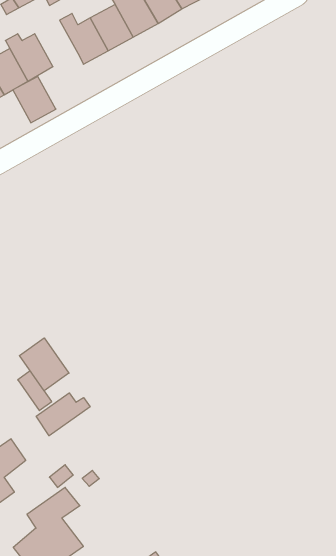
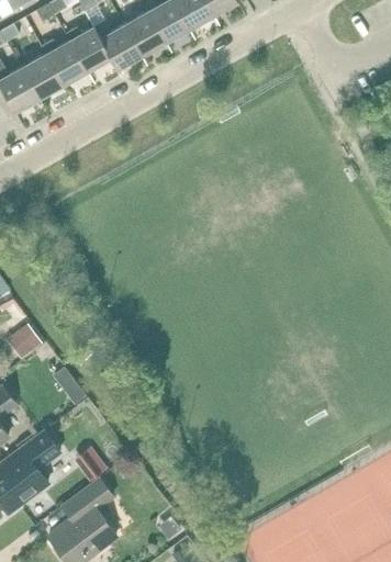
building: [13,76,56,123] -> [69,26,111,71]
building: [19,338,69,391] -> none
building: [36,393,90,436] -> none

